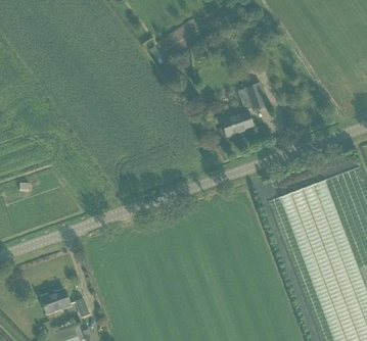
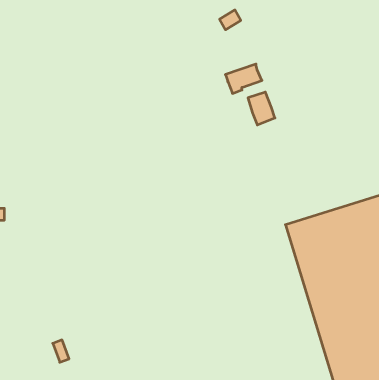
building: [221,110,253,136] -> [225,64,262,93]
building: [40,289,71,313] -> none

